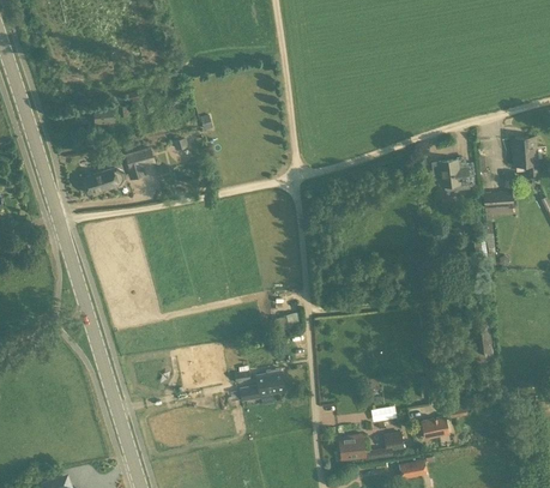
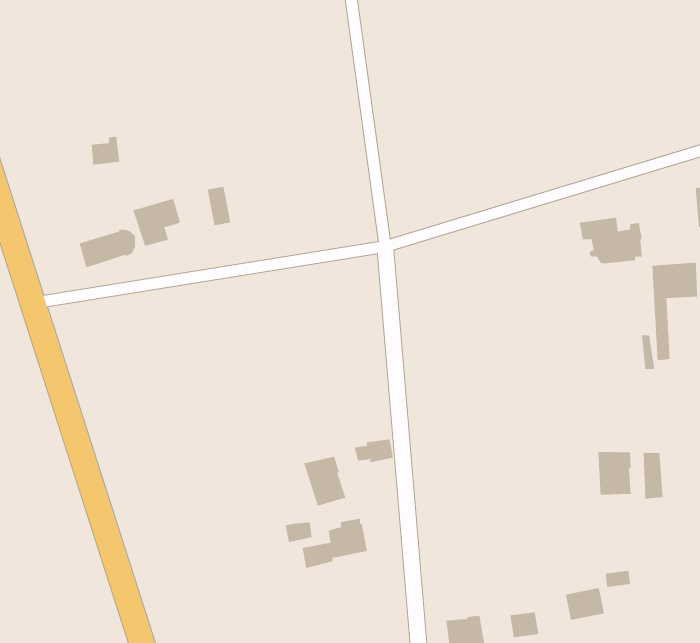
building: none -> [598,451,631,496]
building: none -> [304,456,346,507]

